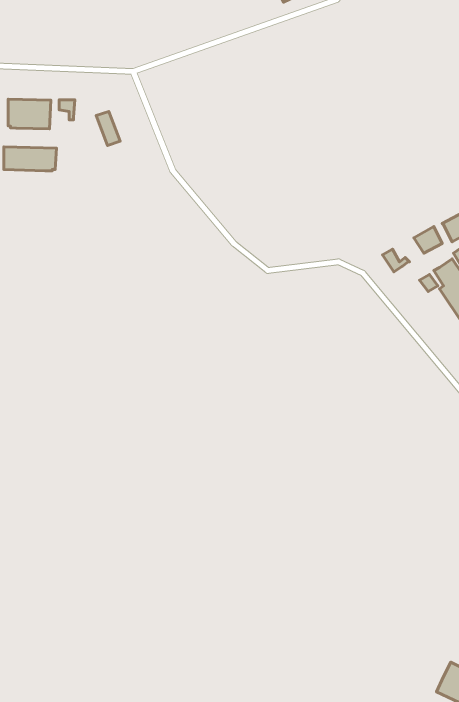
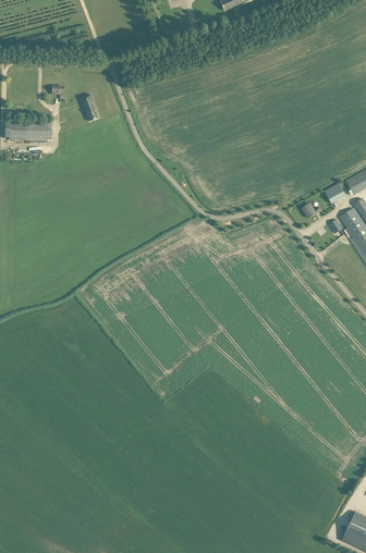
building: [8,99,51,129] -> none

